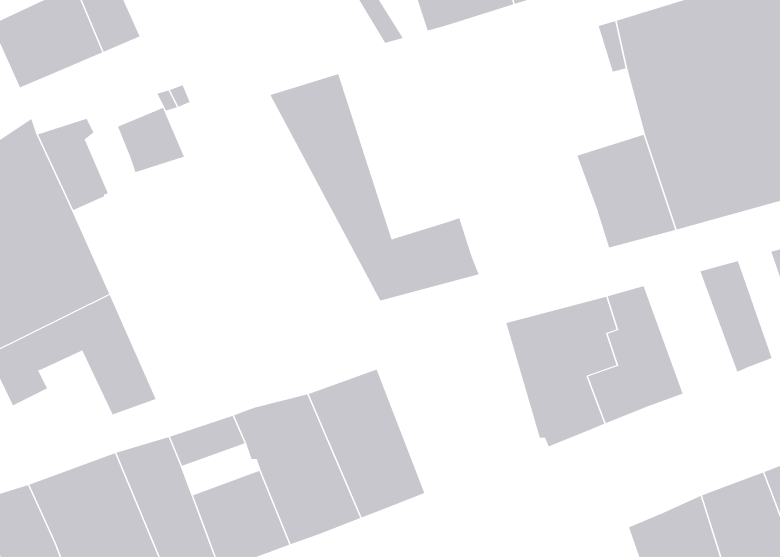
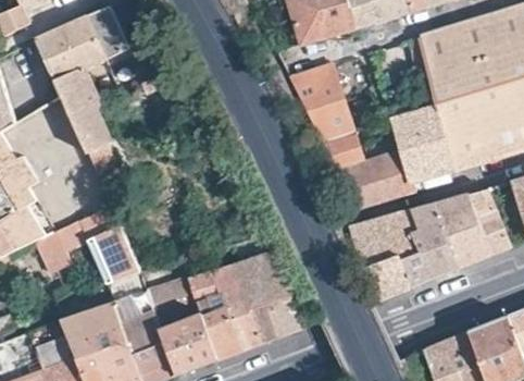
building: [269,74,480,301] -> [289,65,417,205]
building: [117,107,185,173] -> [53,67,95,108]
building: none -> [435,192,491,267]

